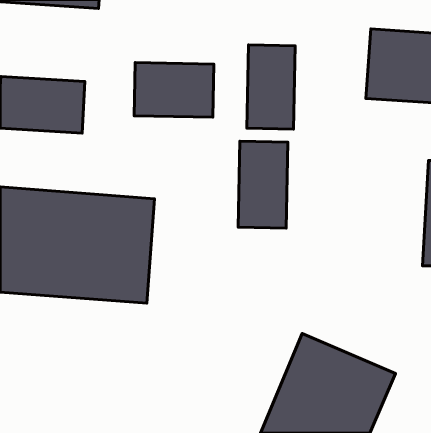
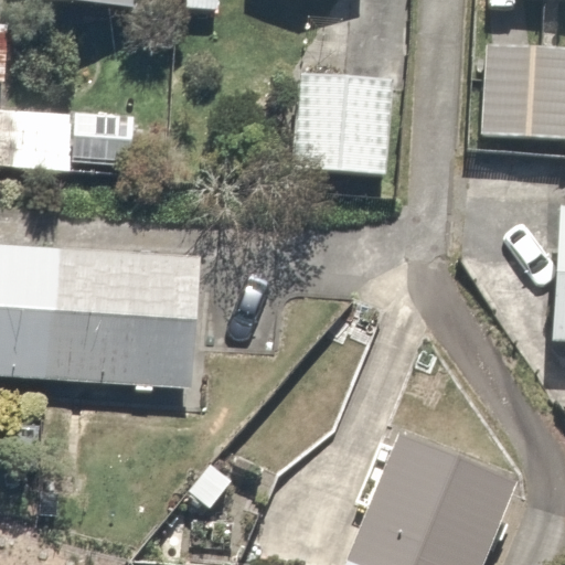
building: [134,63,214,117] -> none
building: [238,141,288,228] -> none

